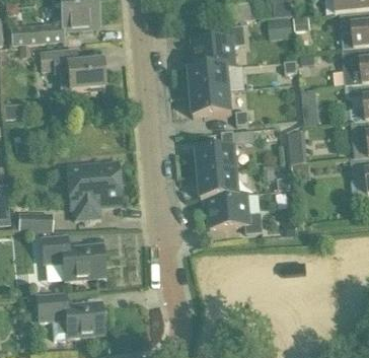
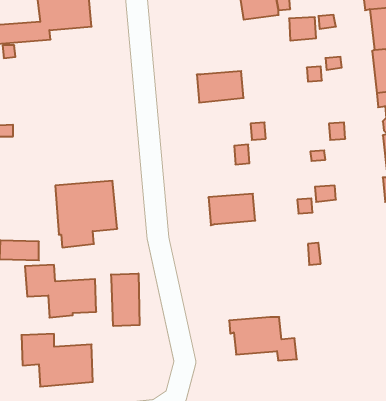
building: [191,25,244,68] -> none
building: [40,48,103,88] -> none
building: [191,88,231,116] -> none
building: [197,147,237,174] -> none
building: [204,195,263,232] -> [229,317,297,360]
building: none -> [111,273,140,326]

